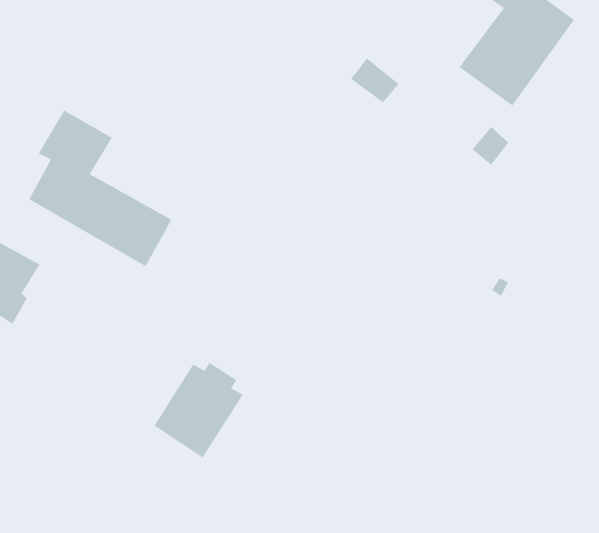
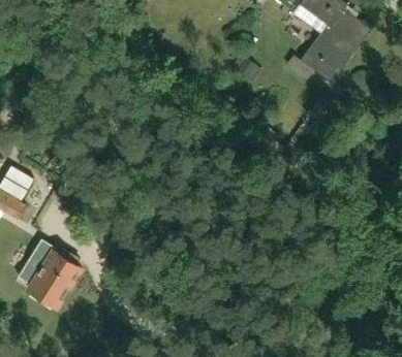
building: [28,109,173,267] -> none
building: [154,362,244,459] -> [24,248,81,309]

